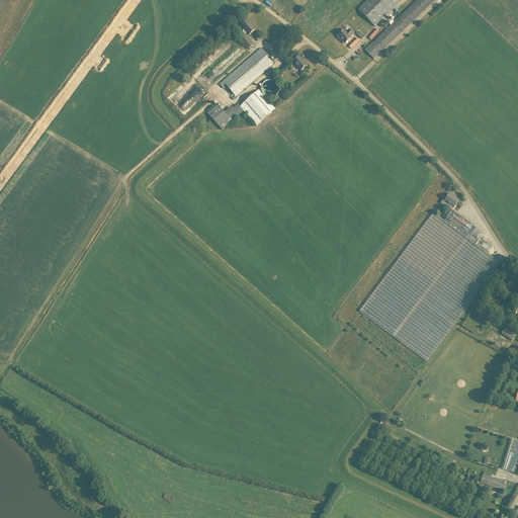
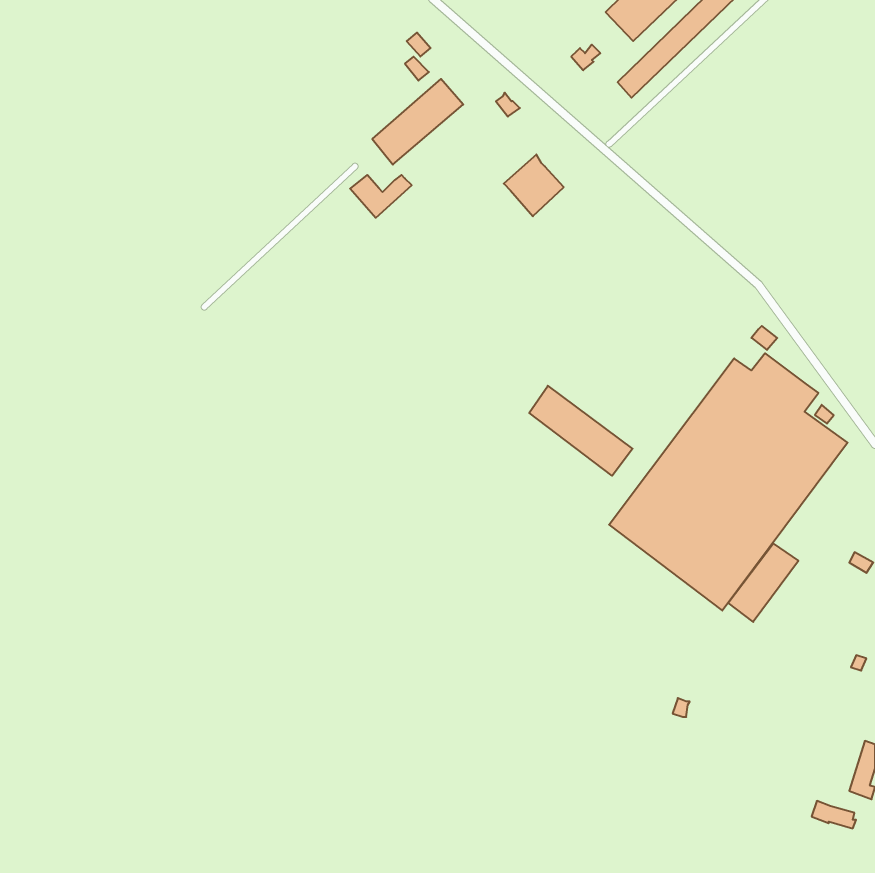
building: [239,88,274,124] -> [504,154,564,216]
building: none -> [529,386,633,476]
building: none -> [728,543,798,622]

